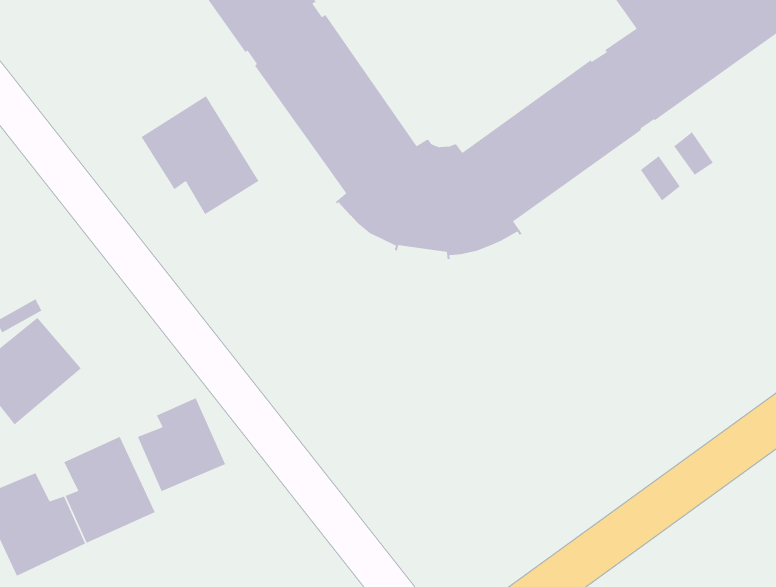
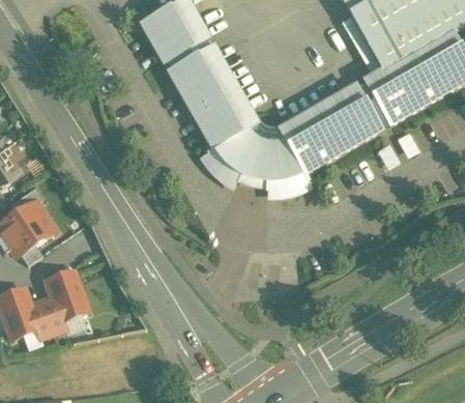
building: [140,95,259,215] -> none
building: [137,397,226,492] -> none

